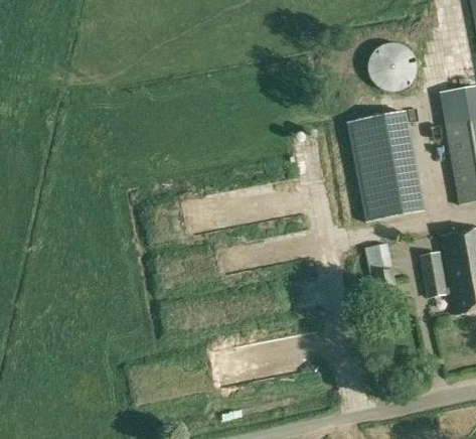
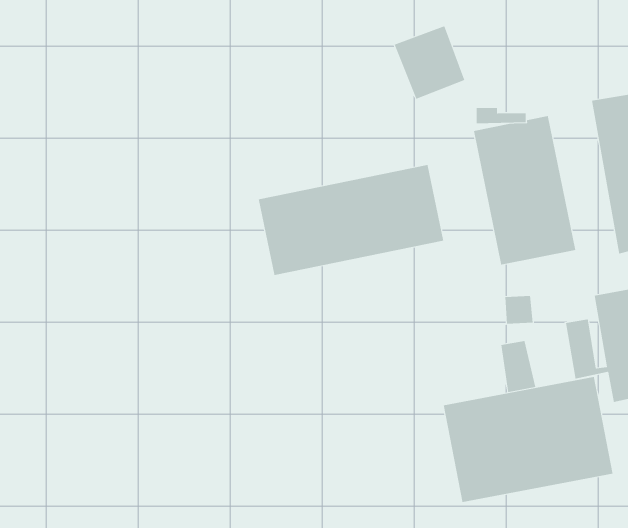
building: [370,36,423,91] -> [394,25,465,100]
building: none -> [258,164,444,276]
building: none -> [443,376,613,503]

